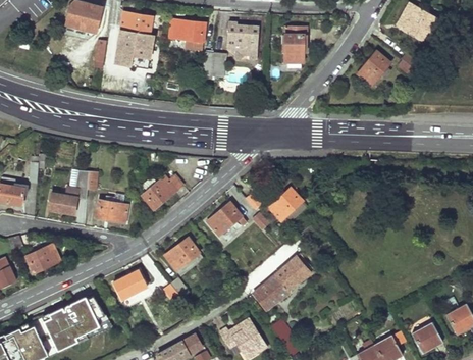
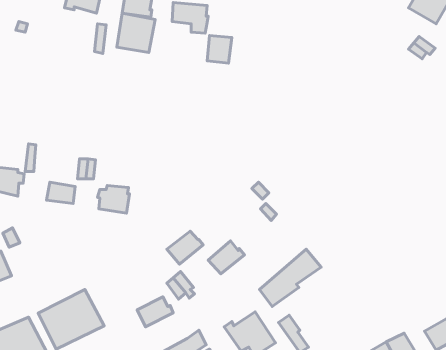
building: [226,21,259,60] -> none
building: [268,27,307,63] -> none
building: [358,53,390,85] -> none
building: [143,176,182,208] -> none
building: [268,188,303,220] -> none
building: [207,203,242,235] -> [208,241,244,274]
building: [24,244,59,272] -> none
building: [113,271,148,300] -> [137,297,173,327]

